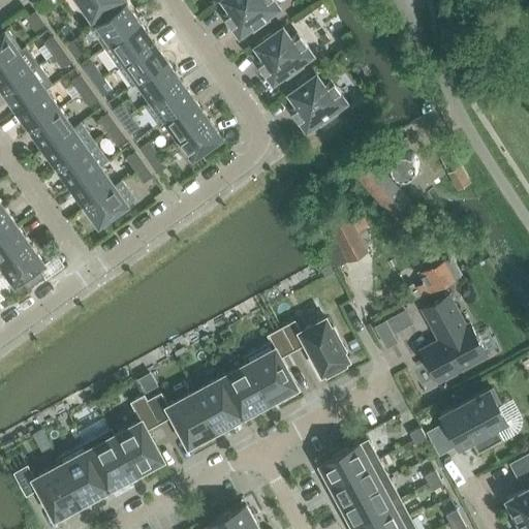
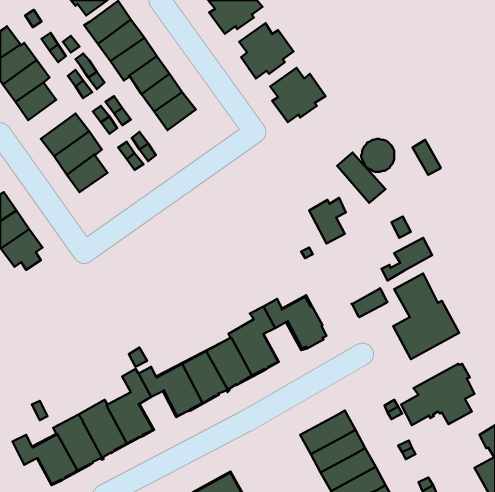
building: [30,111,73,152] -> none
building: [179,121,222,162] -> none
building: [85,183,135,228] -> none

